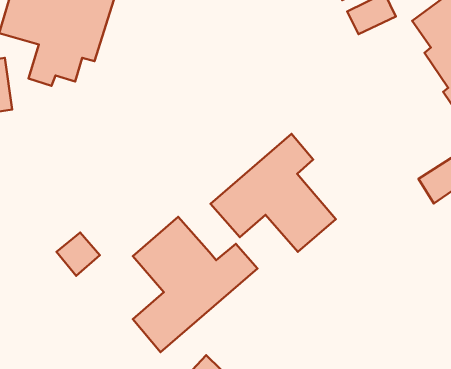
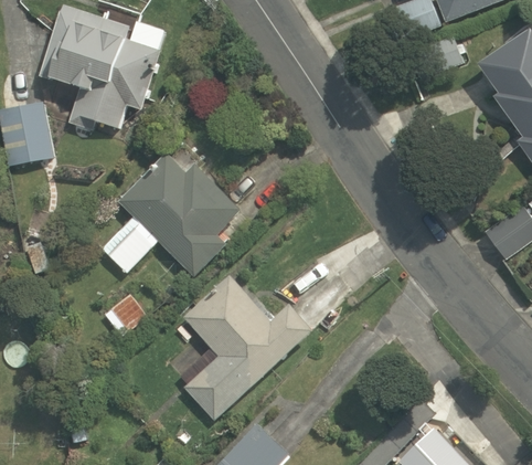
building: none -> [100,137,247,278]
building: [210,134,336,252] -> none

